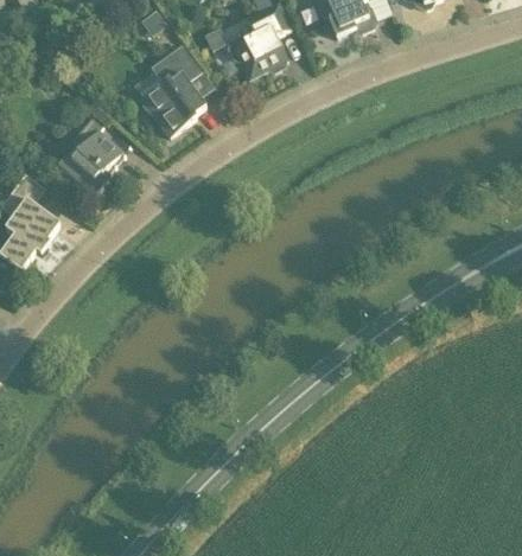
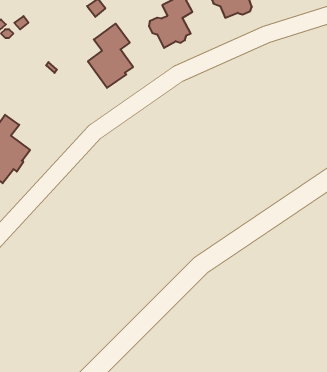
building: [57,114,125,194] -> none

